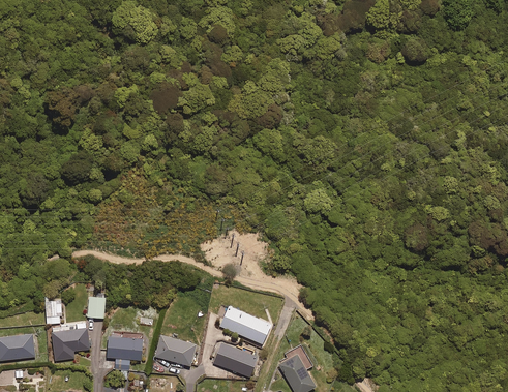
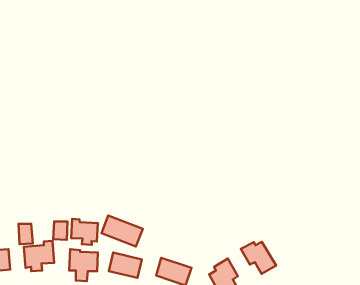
building: none -> [71,219,98,245]
building: [219,306,270,344] -> [101,215,143,247]
building: none -> [241,242,276,274]

